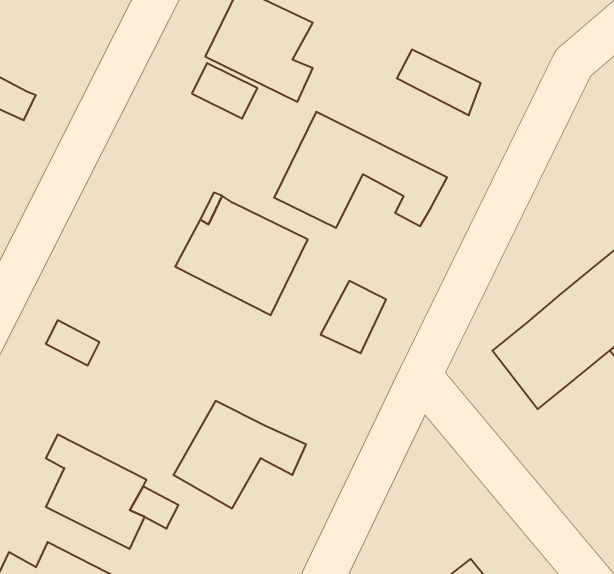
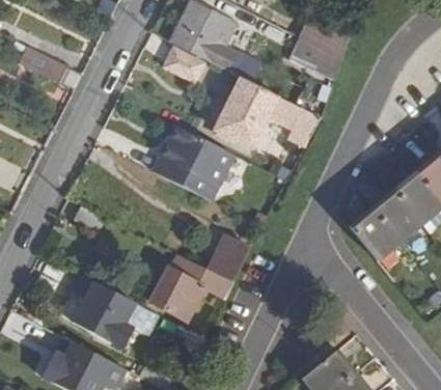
building: none -> [299,17,349,58]
building: [321,281,386,353] -> [209,236,249,281]

